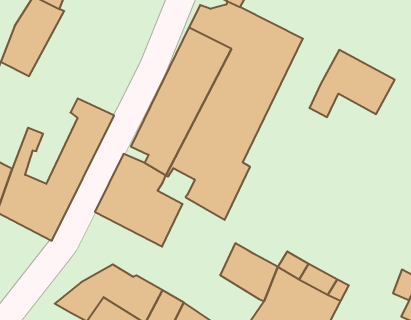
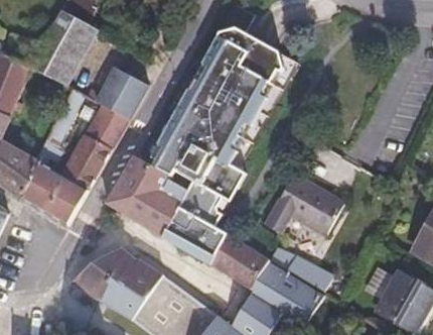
building: [309,50,395,117] -> [265,180,341,238]
building: none -> [99,64,151,119]
building: none -> [165,195,230,265]

